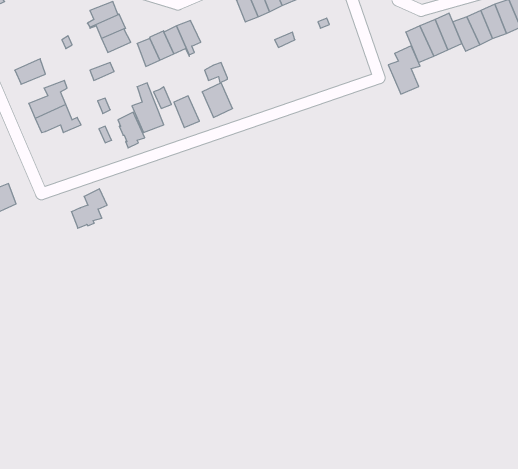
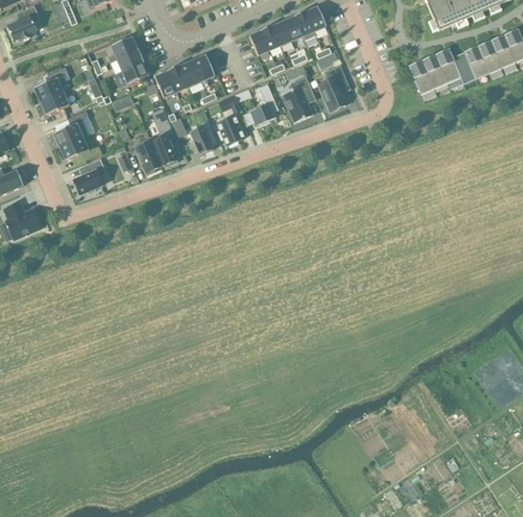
building: none -> [34,66,71,101]
building: none -> [282,76,315,121]
building: [388,46,420,94] -> [318,65,348,110]
building: none -> [250,83,278,125]
building: [71,189,107,228] -> [73,157,107,194]

